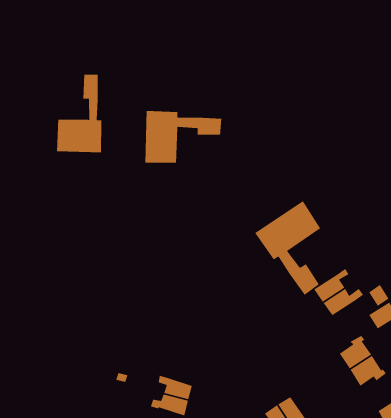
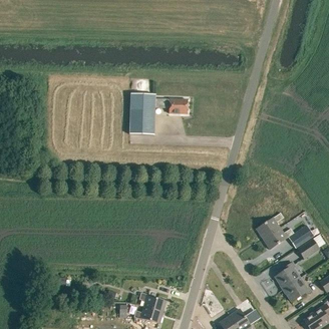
building: [56,74,102,153] -> none
building: [254,200,321,296] -> none

